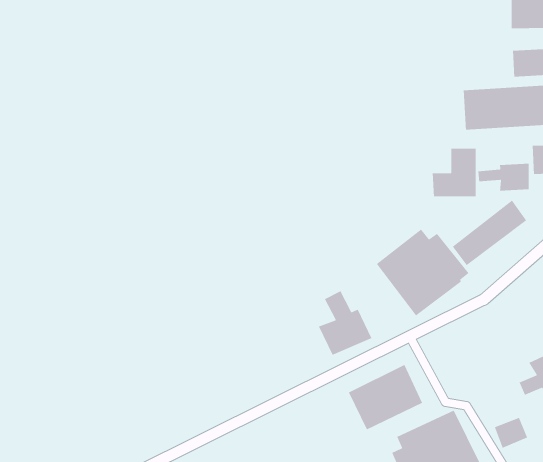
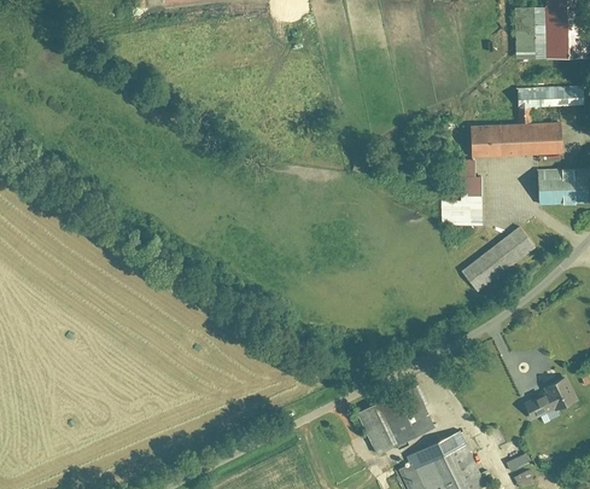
building: [477,163,530,191] -> none
building: [376,228,470,317] -> none
building: [318,290,372,356] -> none

